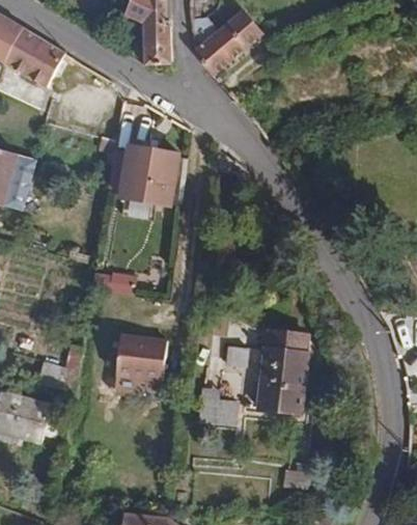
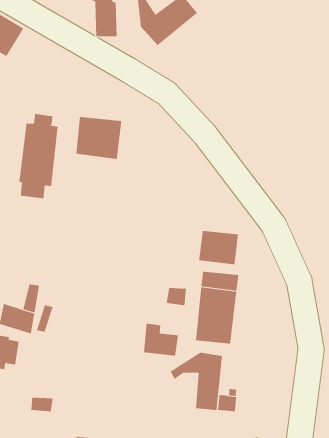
building: none -> [19,113,58,199]
building: none -> [199,230,238,265]
building: [113,336,163,381] -> none
building: none -> [170,352,223,411]

